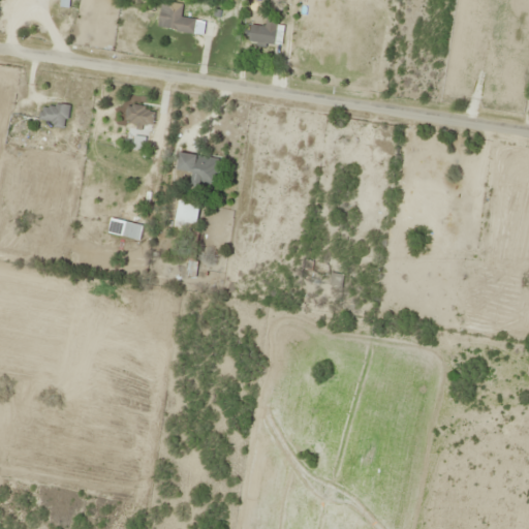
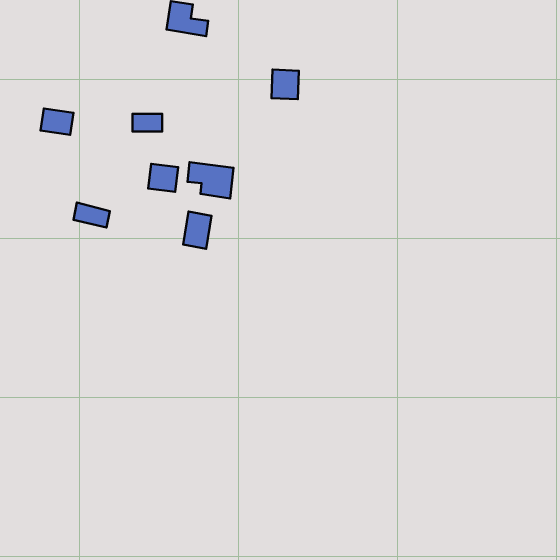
building: [250,18,276,45] -> [271,70,299,99]
building: none -> [148,164,178,192]
building: [107,217,142,241] -> [74,202,110,228]

